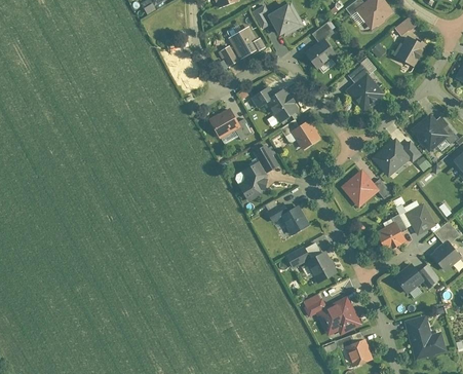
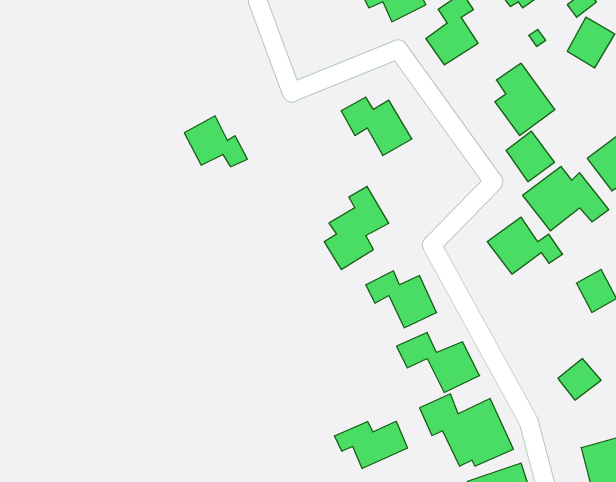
building: [224,27,258,58] -> none
building: [210,107,253,141] -> [184,116,247,167]
building: none -> [506,131,554,182]
building: [292,120,322,152] -> none
building: [378,220,411,254] -> none
building: none -> [335,421,407,469]

